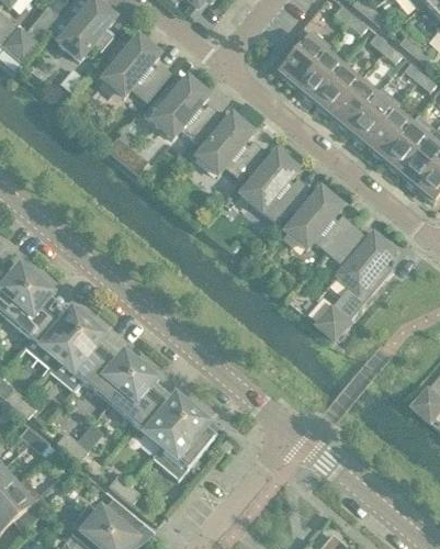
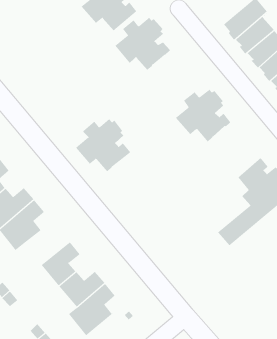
building: [195,112,264,178] -> [75,119,131,172]
building: [284,187,352,251] -> none
building: [82,352,138,401] -> none

